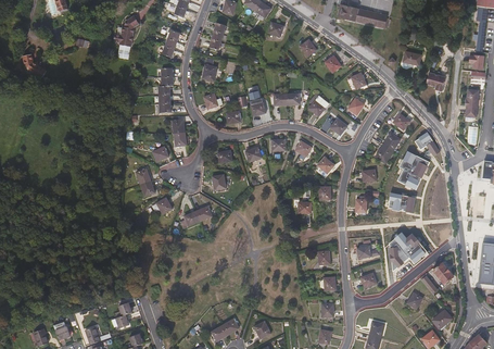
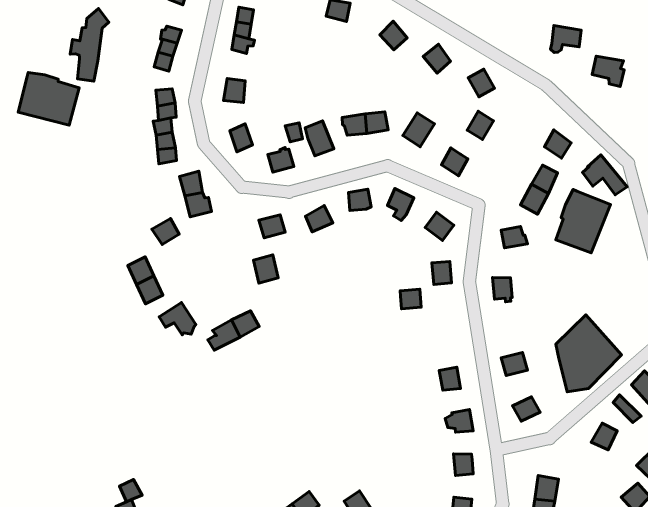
building: none -> [18,72,79,125]
building: [389,191,416,212] -> none

